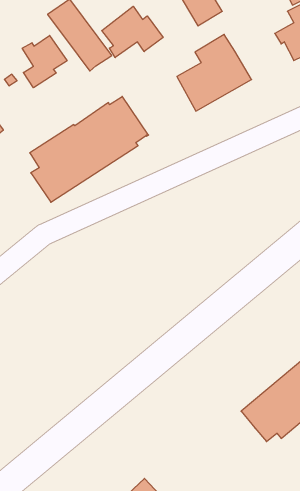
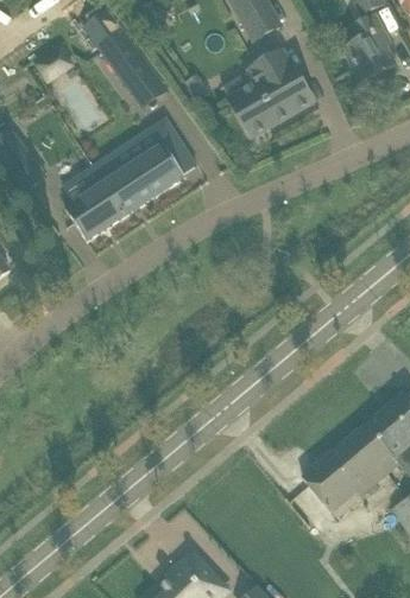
building: [102,6,163,58] -> none
building: [22,35,67,88] -> none

